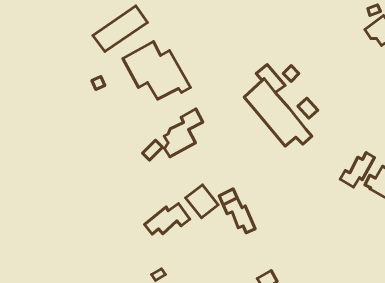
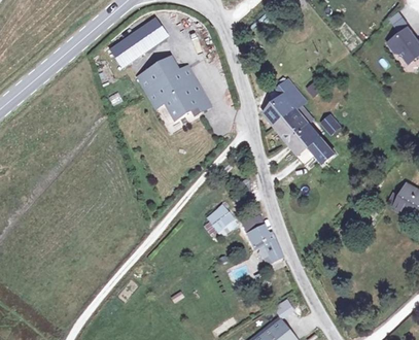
building: [164,109,203,157] -> none
building: [340,153,375,187] -> none
building: [144,204,190,234] -> none

